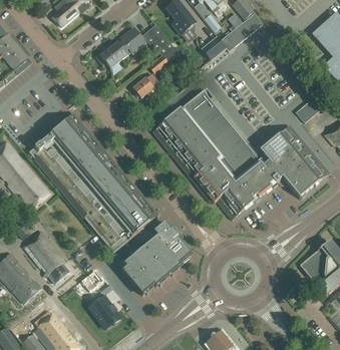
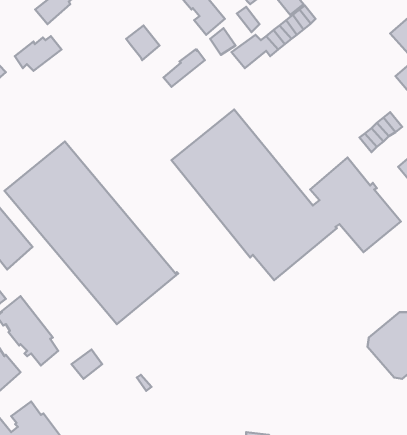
building: [141,24,173,54] -> none
building: [96,41,131,67] -> [15,36,62,71]
building: [133,73,163,97] -> none
building: [122,223,192,295] -> none
building: [91,295,122,327] -> none

